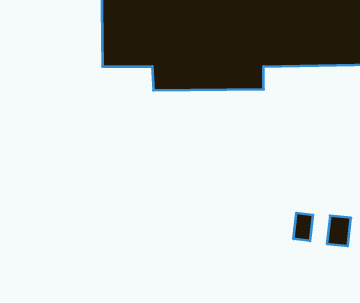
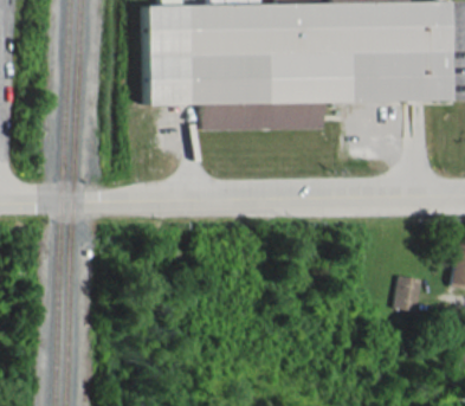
building: [294,213,313,241] -> none

